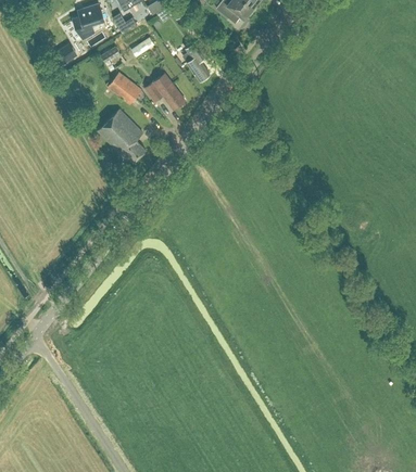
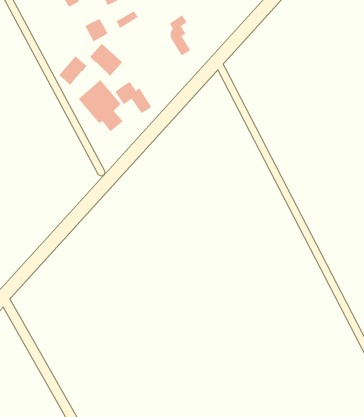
building: [146,76,185,109] -> [115,81,152,114]
building: none -> [59,55,87,86]

